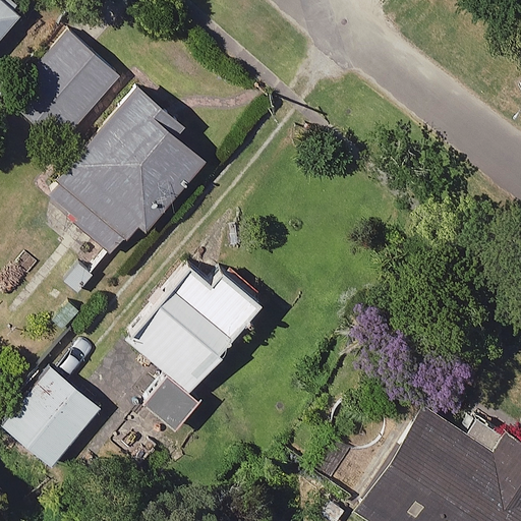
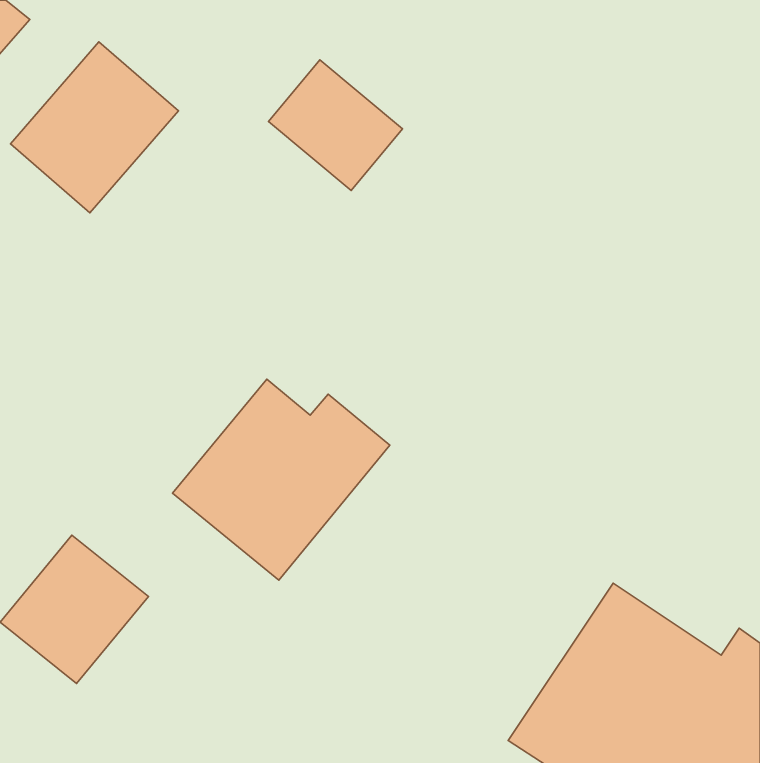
building: none -> [268,60,402,190]
building: [44,88,210,257] -> none

